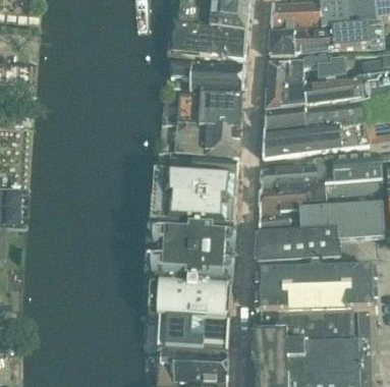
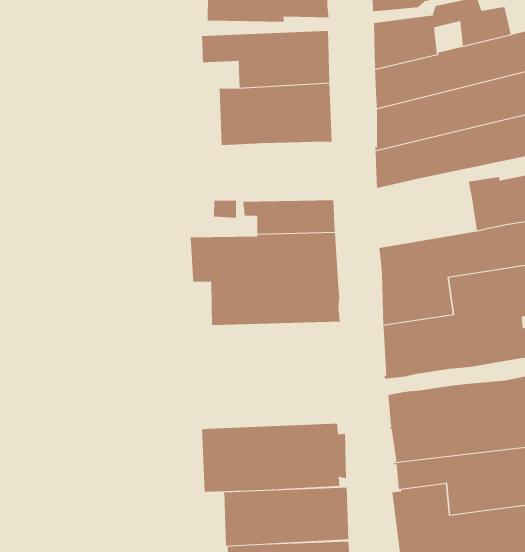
building: [174,123,239,156] -> none
building: [260,166,316,189] -> none
building: [154,224,234,287] -> none

